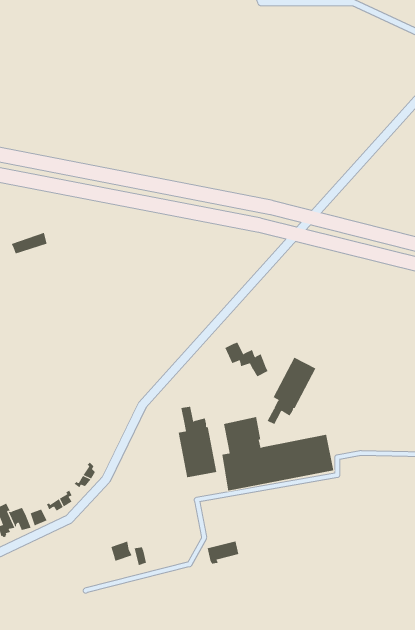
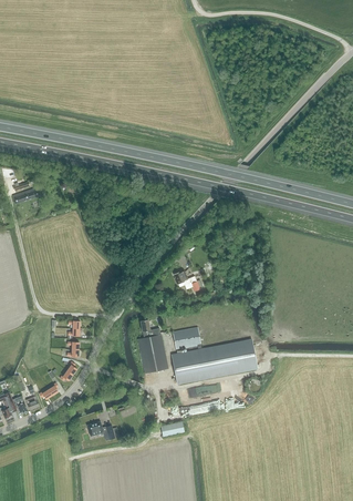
building: [267,357,316,425] -> none

